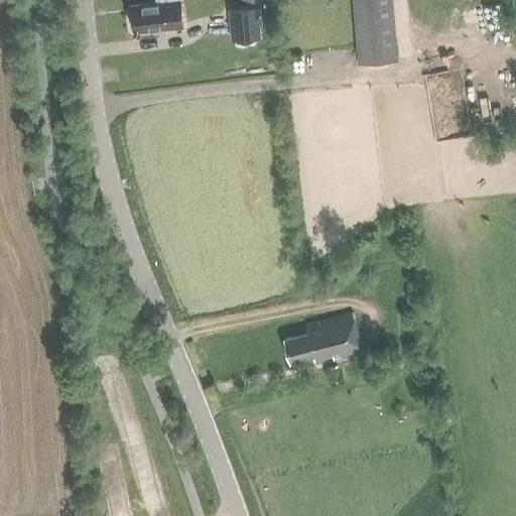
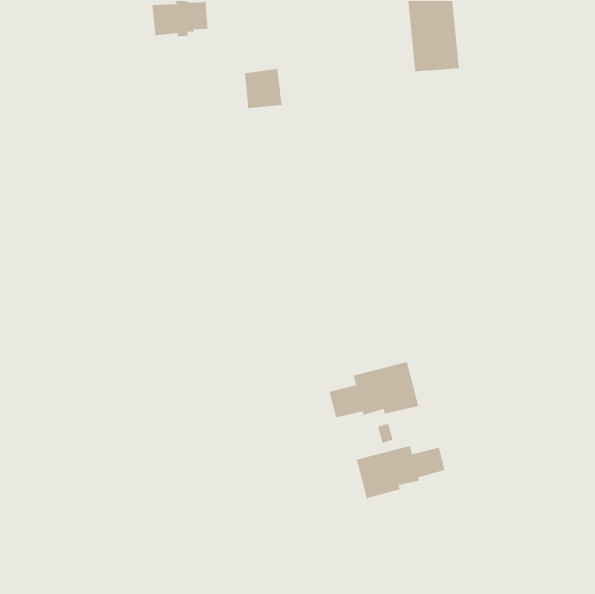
building: [228,6,261,41] -> [244,68,282,109]
building: none -> [356,445,445,499]

